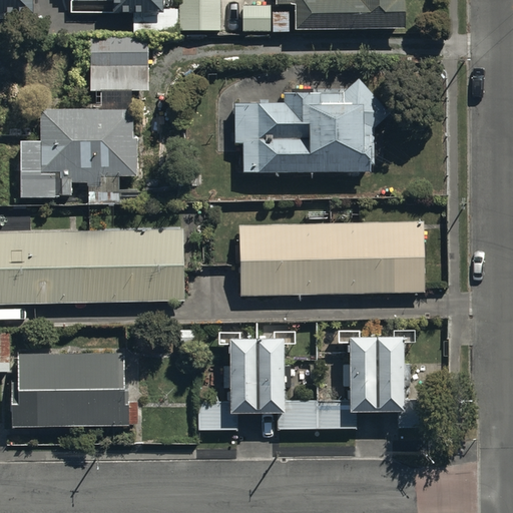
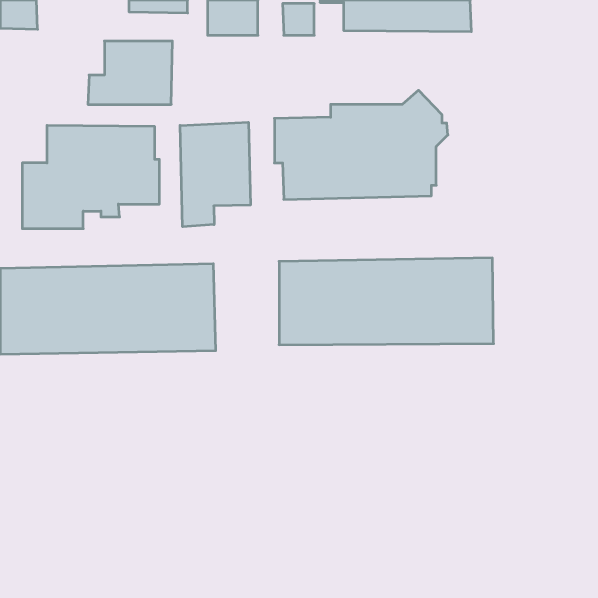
building: none -> [180,122,250,227]
building: [198,334,404,431] -> none
building: [11,351,128,426] -> none

